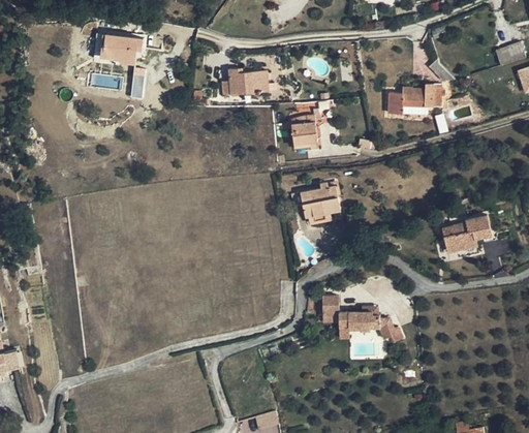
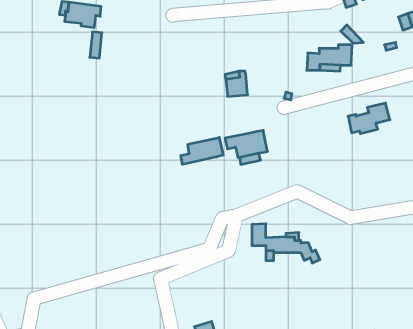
building: [222,68,269,94] -> none
building: none -> [181,137,223,164]
building: [442,215,492,251] -> [348,103,390,134]

